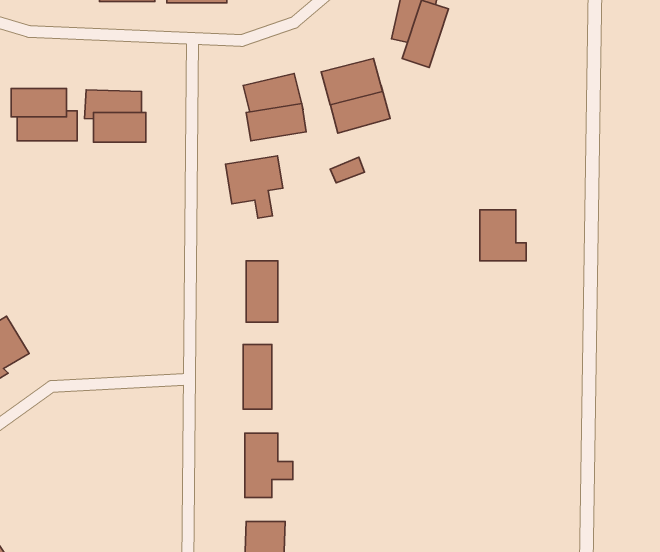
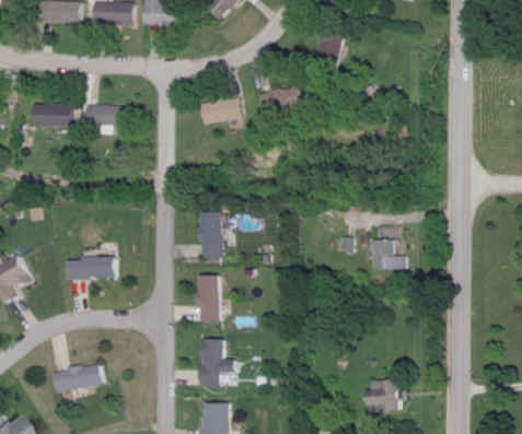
building: [226,156,283,218] -> none
building: [480,210,526,261] -> [370,235,404,272]
building: none -> [69,260,118,282]
building: none -> [53,367,103,395]
building: none -> [364,383,399,414]

